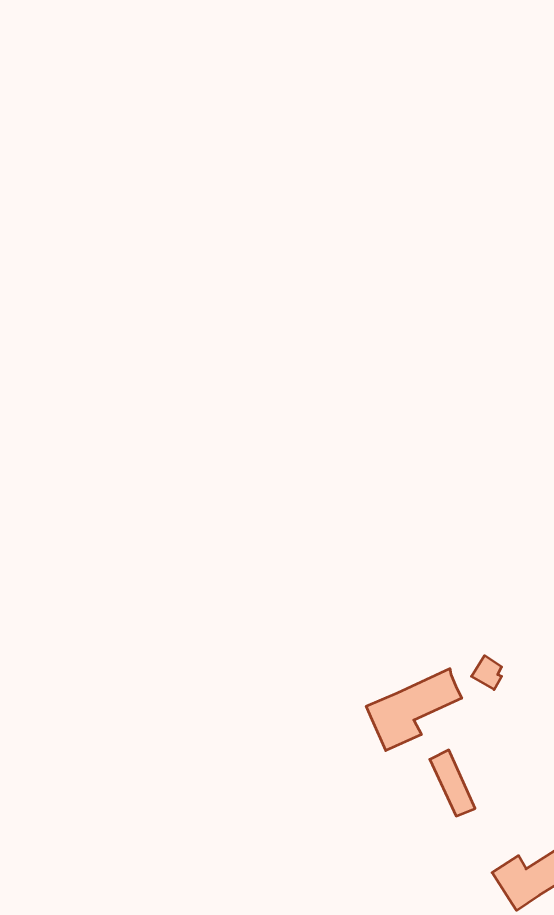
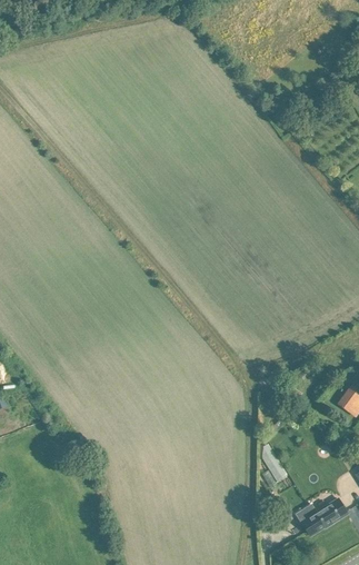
building: [366,669,462,751] -> none

